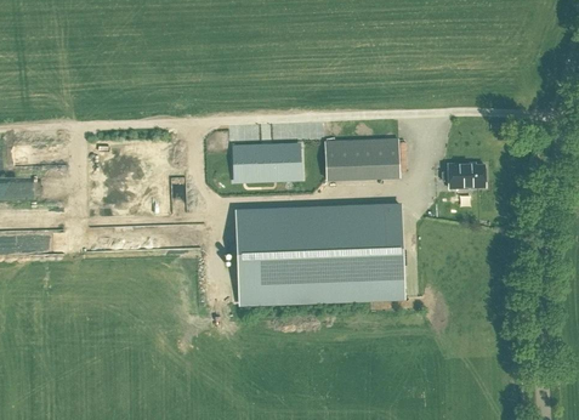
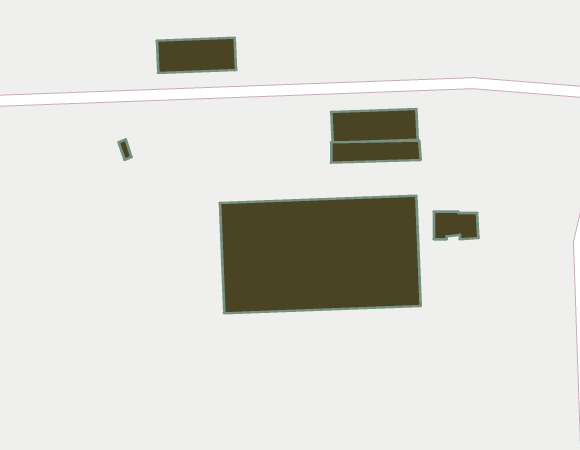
building: [226,149,293,178] -> [157,38,236,73]
building: [448,165,486,188] -> [434,212,479,239]

